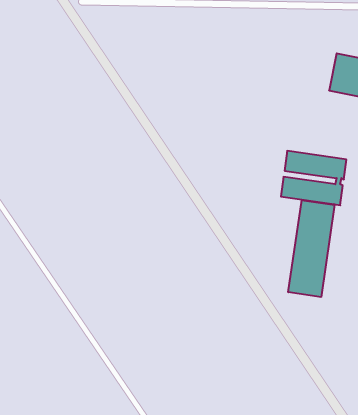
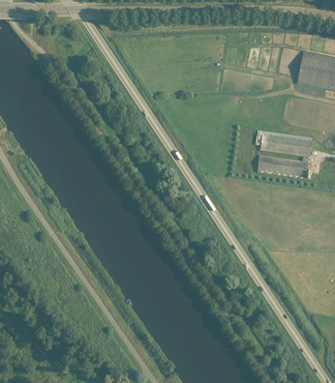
building: [288,200,334,297] -> none

